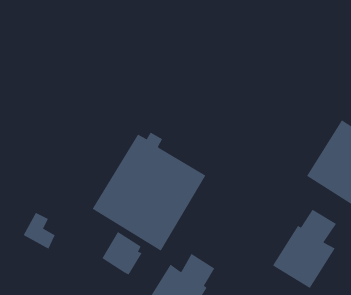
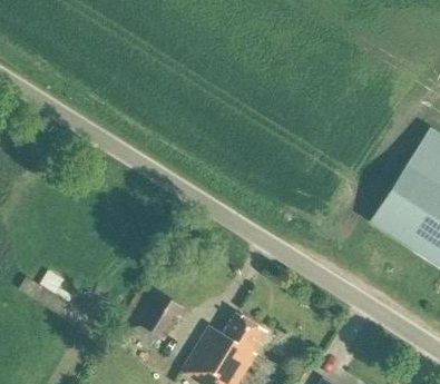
building: [92,132,206,252] -> none
building: [272,209,337,289] -> none

